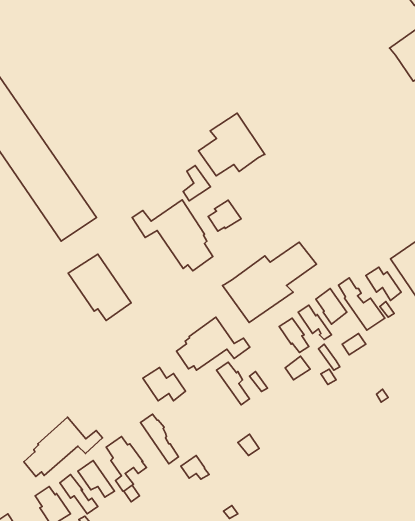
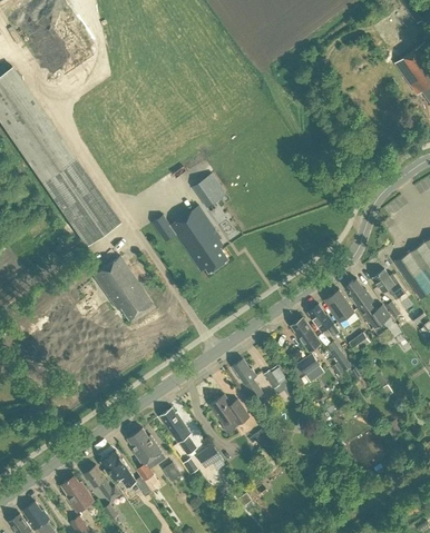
building: [199,113,265,176] -> none
building: [208,200,241,231] -> none
building: [223,242,316,323] -> none
building: [177,317,250,370] -> none
building: [143,368,185,401] -> [209,394,250,425]
building: [24,417,103,476] -> none

